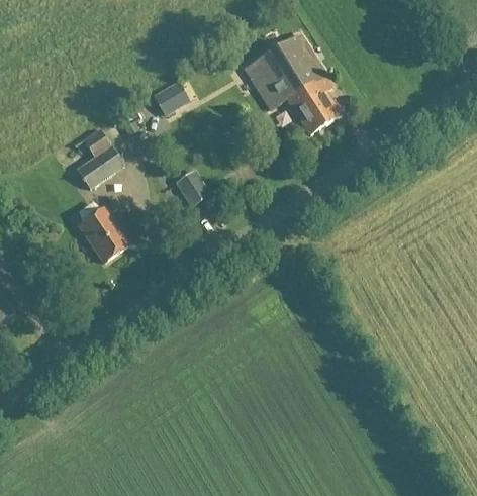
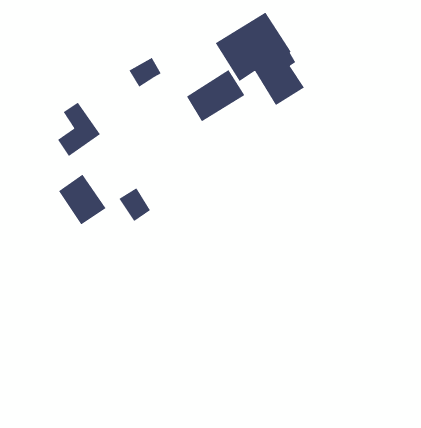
building: none -> [186,69,245,122]
building: [175,170,209,206] -> [119,188,151,222]

